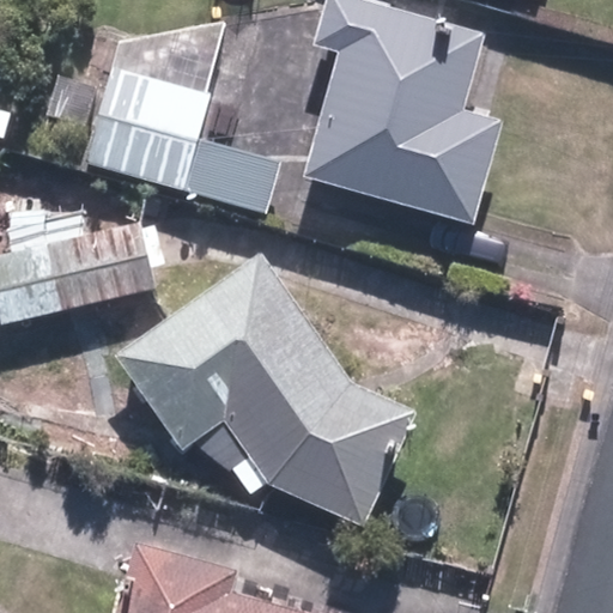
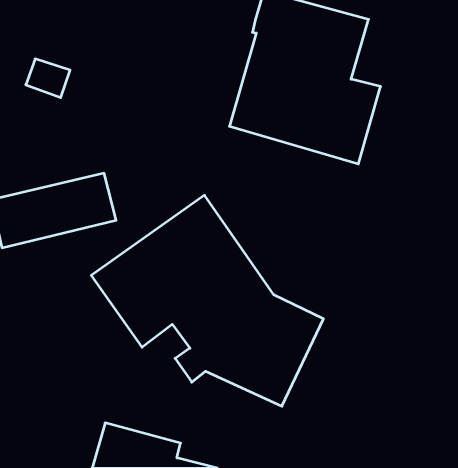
building: [85,69,277,216] -> none

